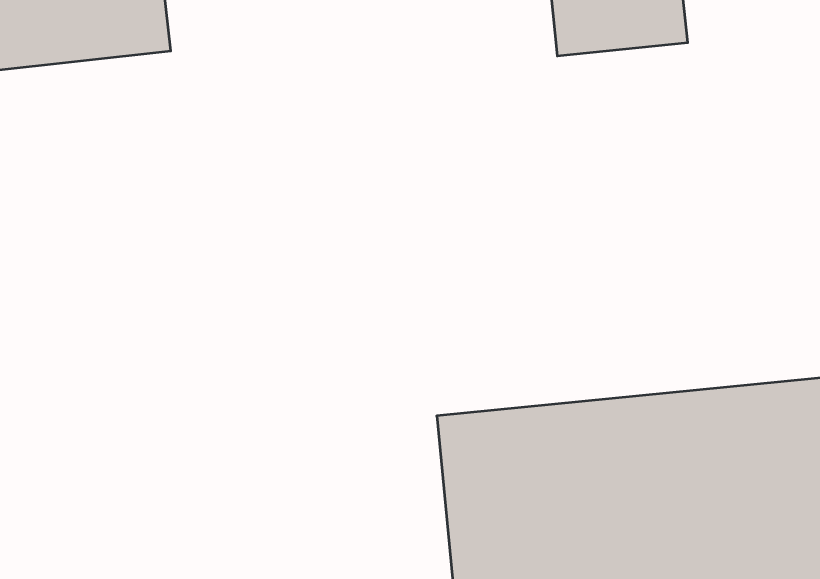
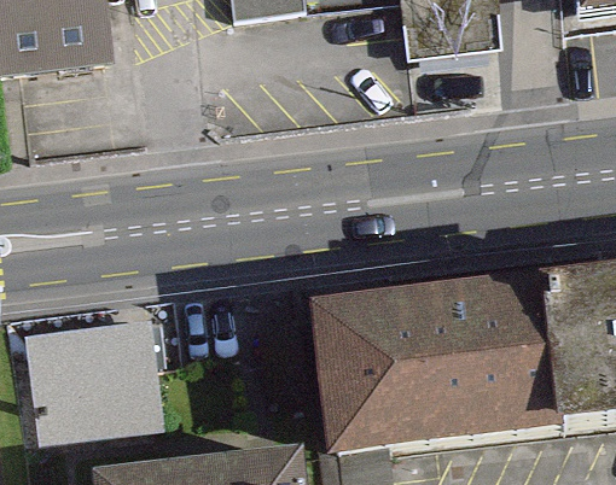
building: none -> [25,314,159,428]

